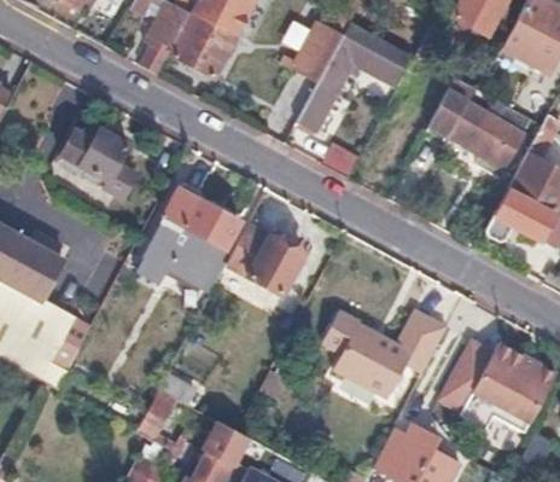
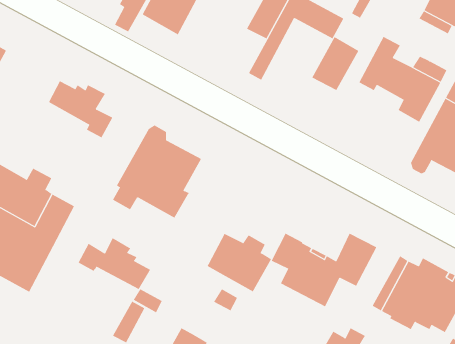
building: none -> [311,36,359,91]
building: [226,227,302,296] -> [207,233,272,292]
building: none -> [78,237,151,290]

